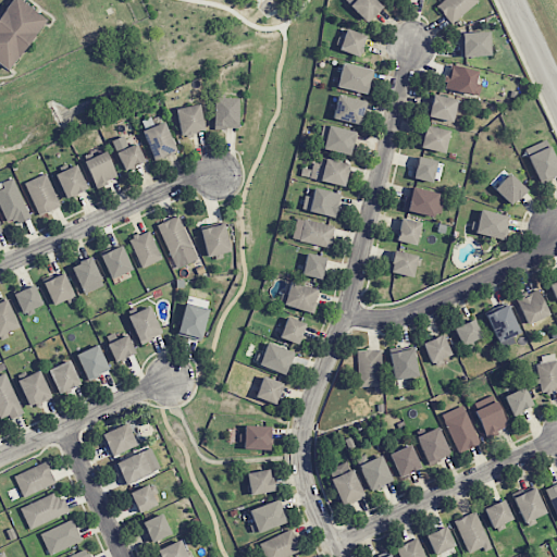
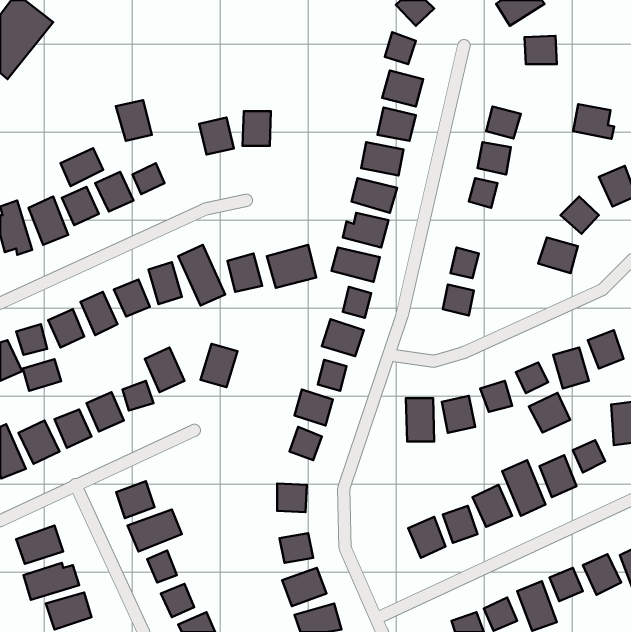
building: [446,65,482,96] -> [573,104,614,139]
building: [144,123,175,159] -> [116,100,152,141]
building: none -> [60,148,103,186]
building: [405,187,446,219] -> none
building: none -> [267,245,316,288]
building: none -> [23,359,61,391]
building: none -> [529,393,570,432]
building: [333,470,364,506] -> none

